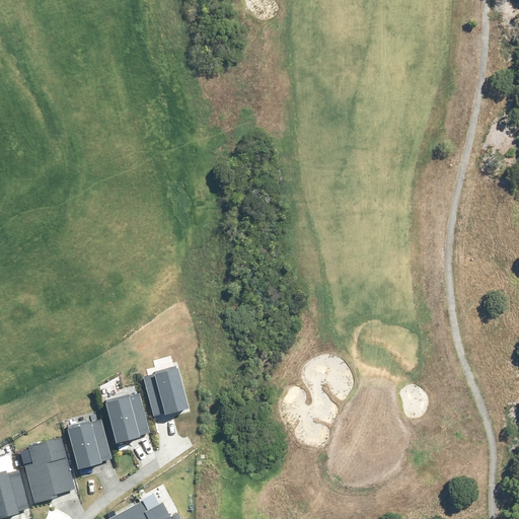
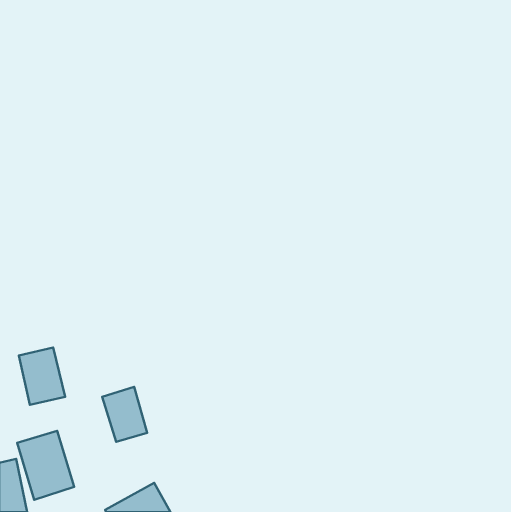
building: [142,364,190,421] -> none
building: [68,415,115,472] -> [19,348,65,405]

